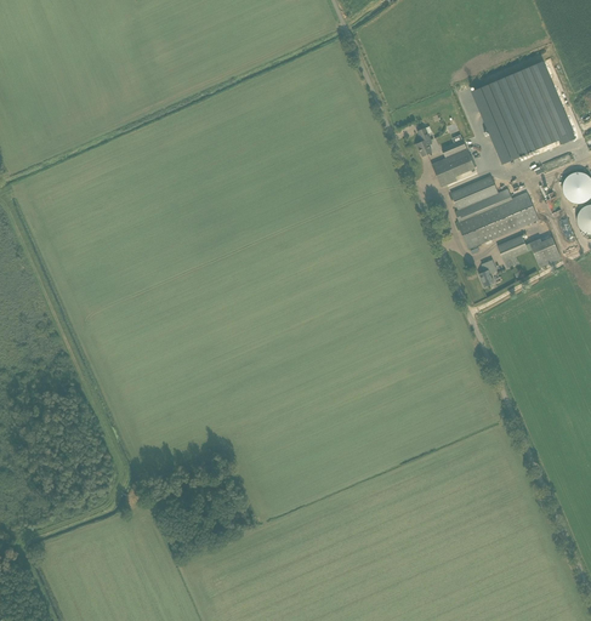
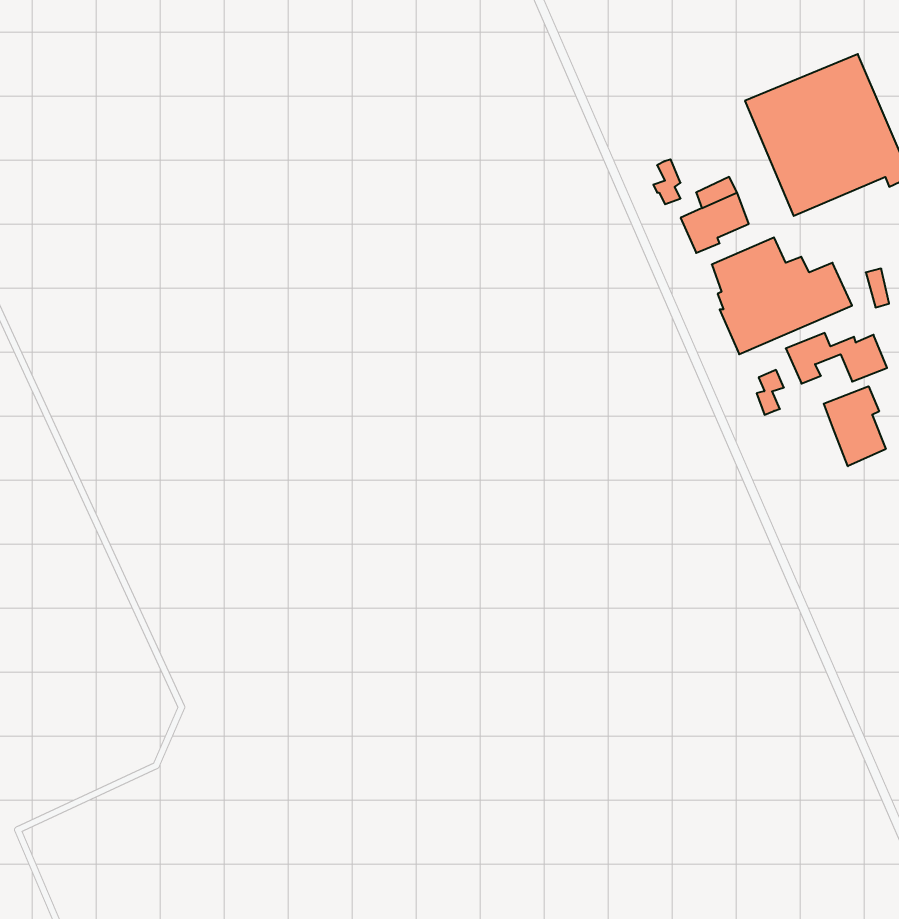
building: none -> [824,386,886,466]

